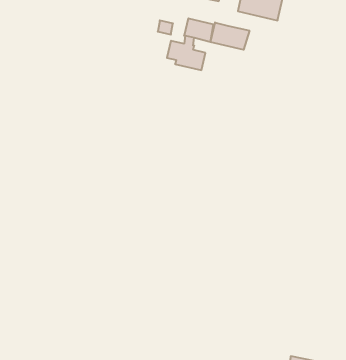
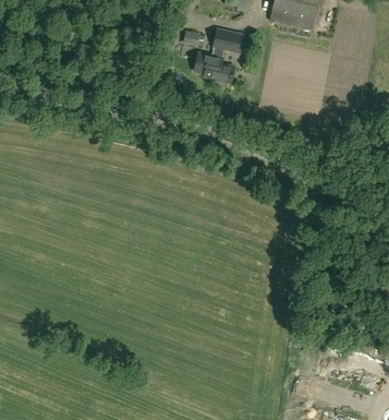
building: [210,22,249,50] -> none

